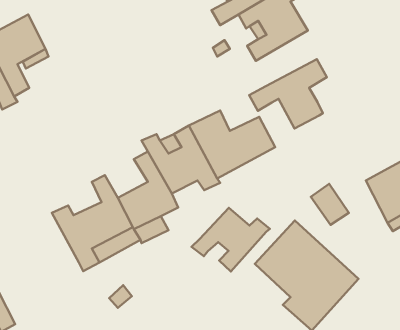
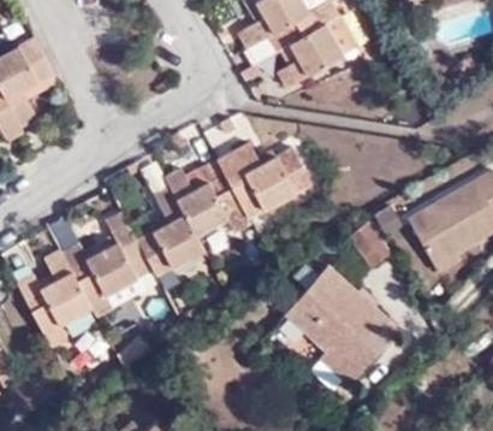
building: [249,59,327,128] -> none
building: [192,208,270,272] -> none
building: none -> [14,255,89,350]

